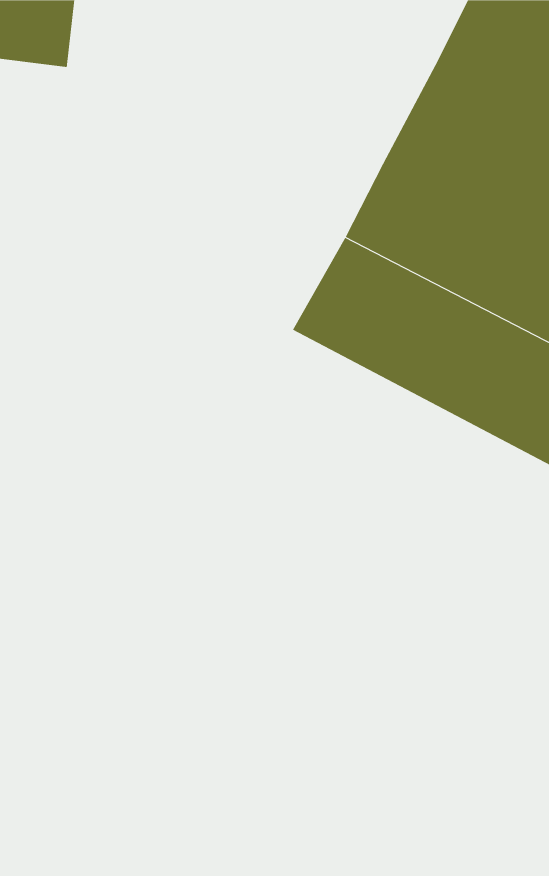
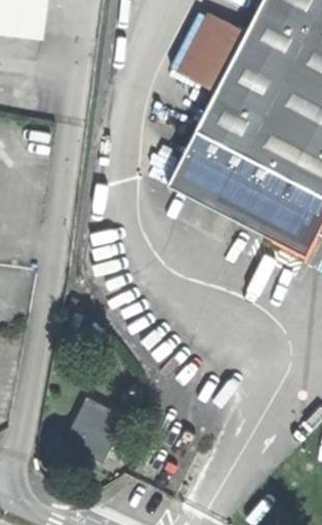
building: none -> [177,14,244,90]
building: none -> [62,398,123,463]

